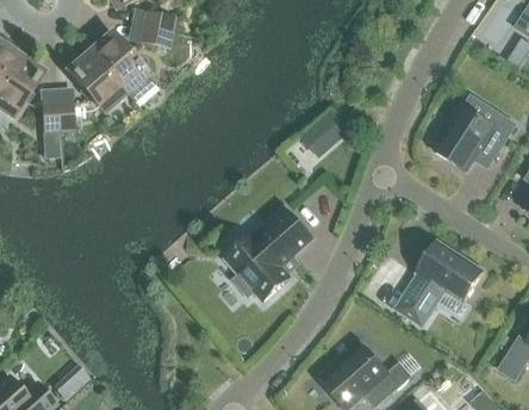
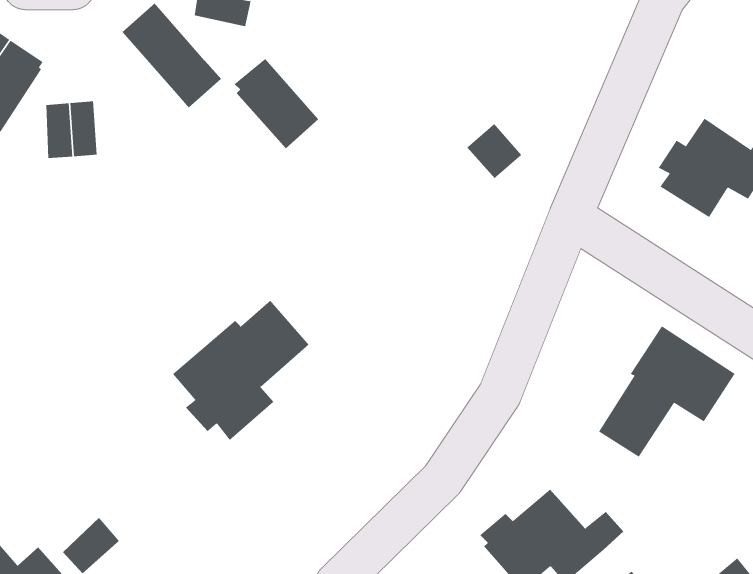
building: [69,51,124,110] -> [234,58,319,149]
building: [225,210,313,300] -> [172,300,309,441]

